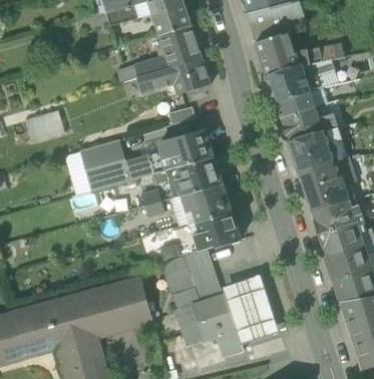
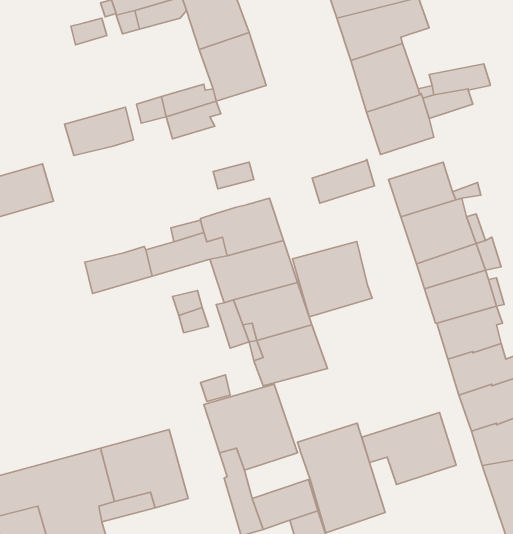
building: [169,57,210,93] -> none
building: [275,89,315,117] -> [312,159,375,203]
building: [79,139,123,170] -> [65,107,133,156]
building: none -> [292,242,372,317]
building: none -> [362,413,456,484]
building: [188,293,230,322] -> none

